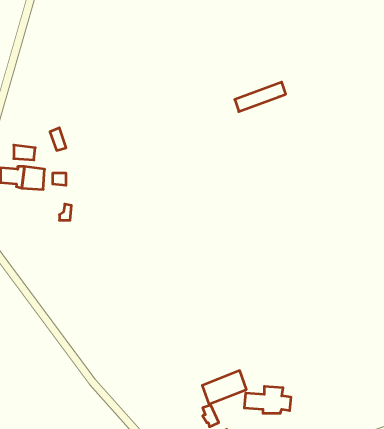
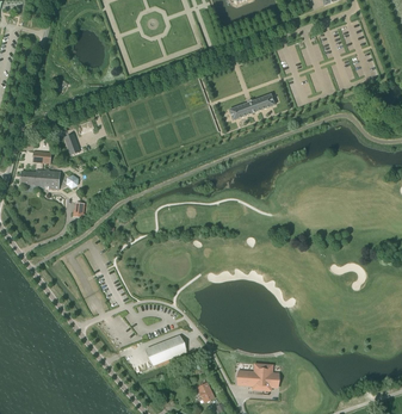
building: [202,371,246,404] -> [147,334,186,364]

